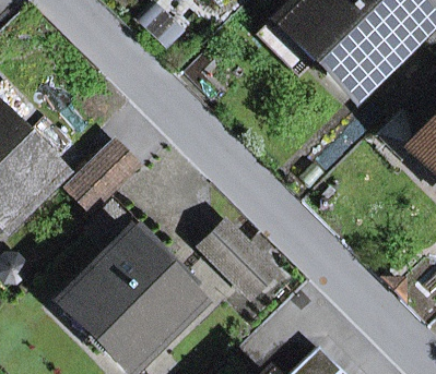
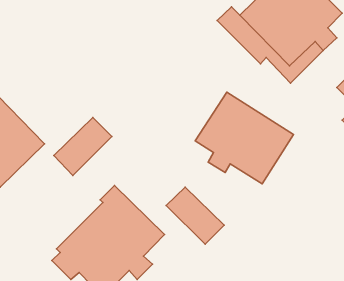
building: none -> [195,92,293,184]

